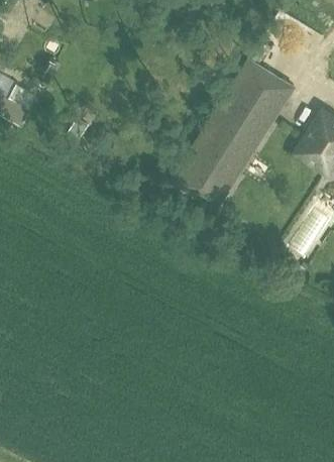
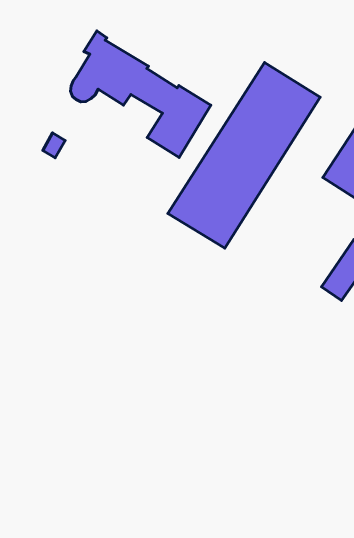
building: none -> [71,31,211,157]

